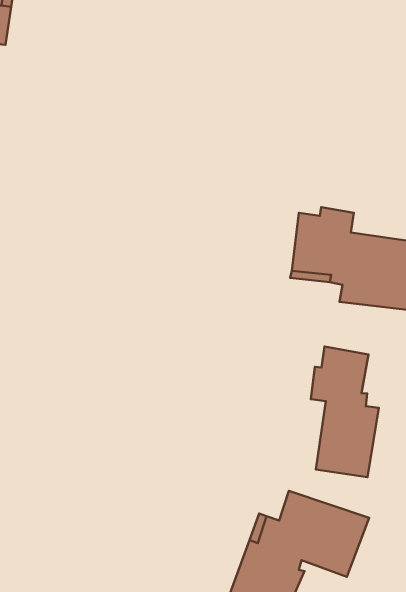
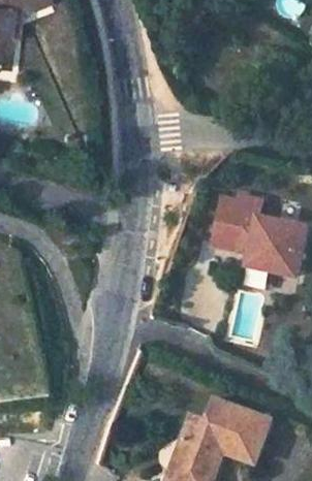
building: [311,347,379,477] -> none

